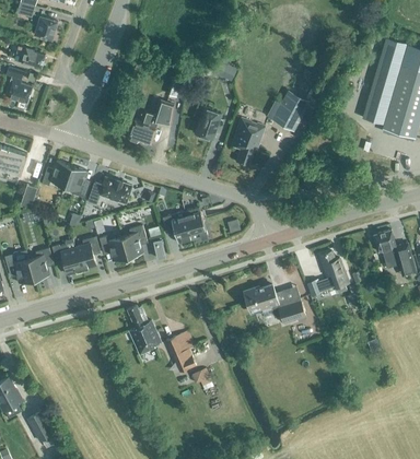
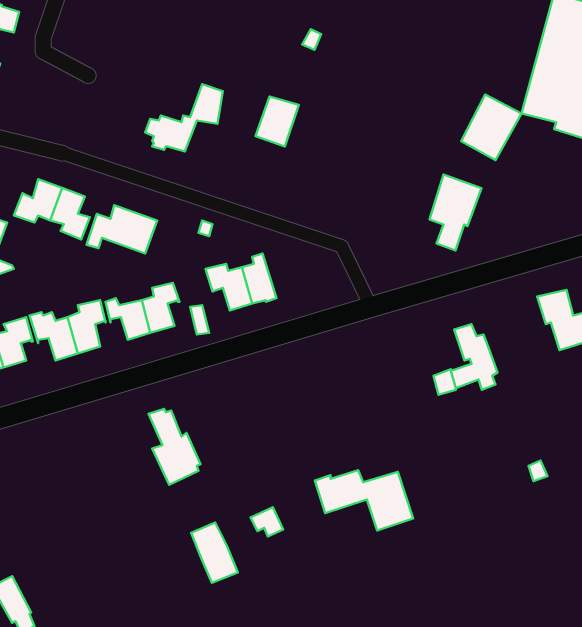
building: [272,90,311,131] -> [461,95,522,160]
building: [232,118,265,166] -> [430,174,481,250]
building: [244,285,306,323] -> [315,470,413,531]
building: [166,334,196,373] -> [191,522,238,583]

